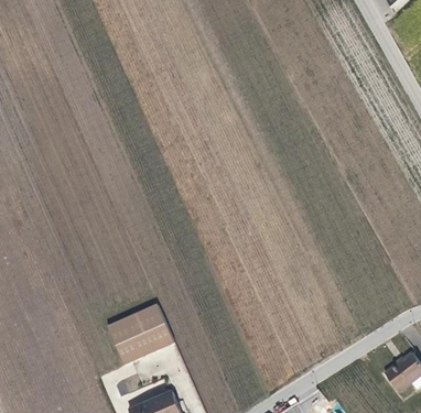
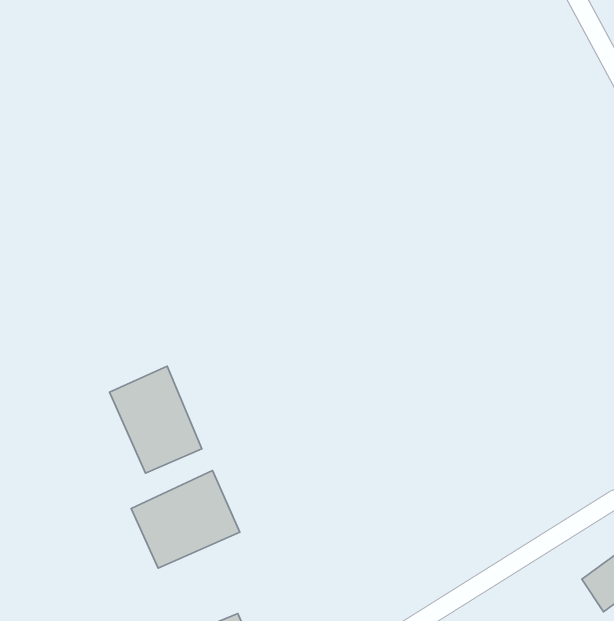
building: none -> [109,366,202,473]

